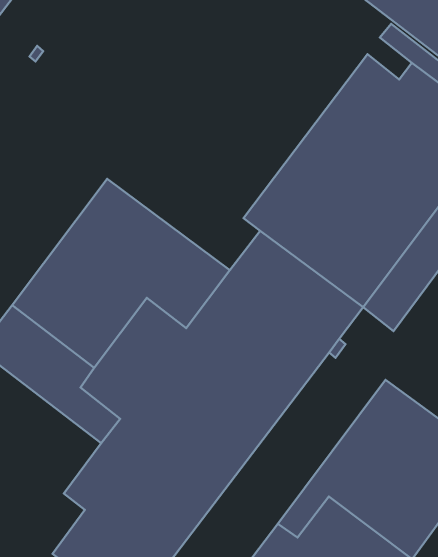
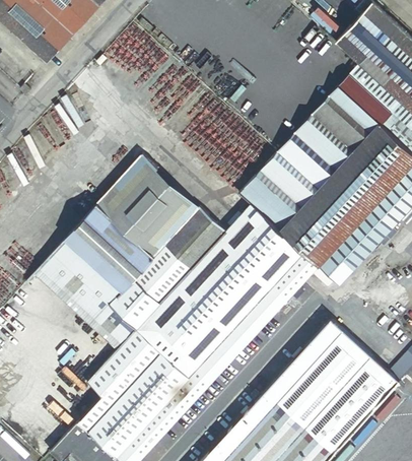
building: none -> [337,74,368,106]

